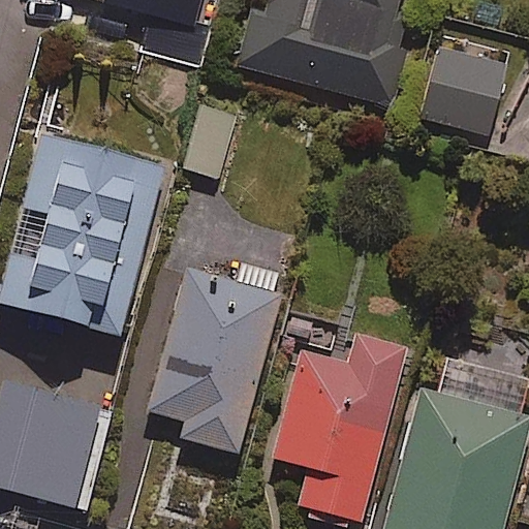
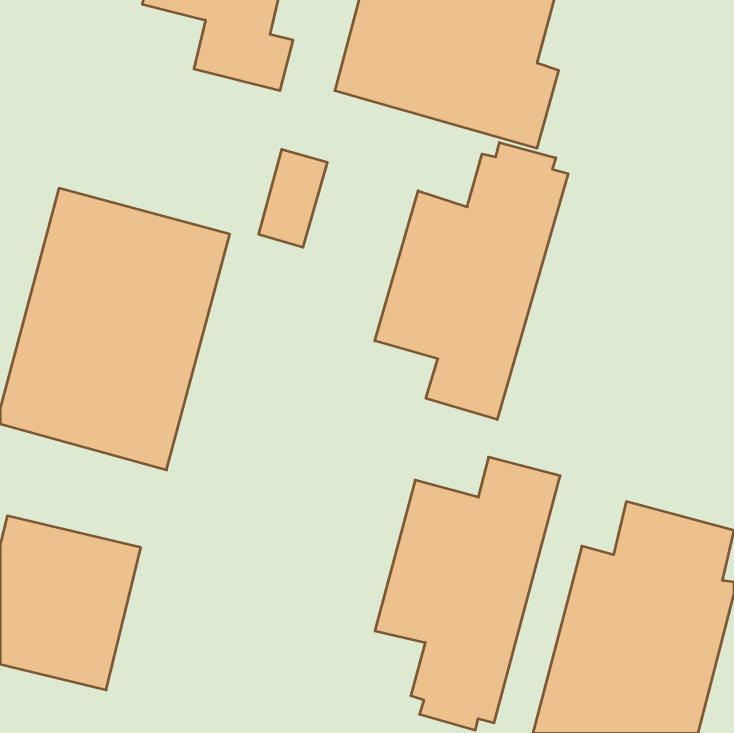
building: [423,33,515,130] -> none
building: none -> [375,142,568,420]
building: [148,271,281,455] -> none

